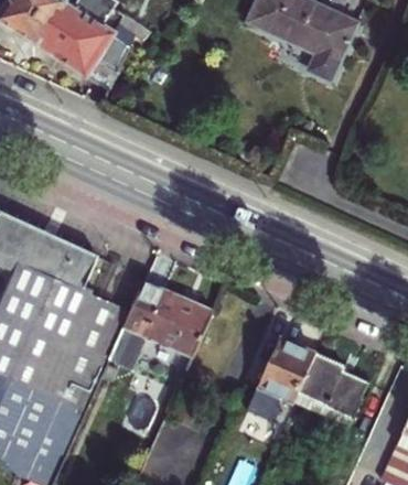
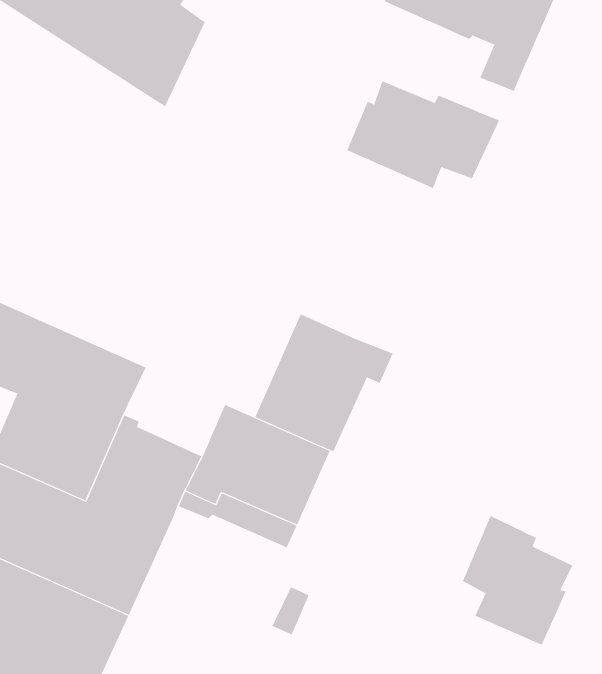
building: none -> [347,81,500,189]
building: none -> [255,314,393,452]
building: [249,333,314,422] -> none

